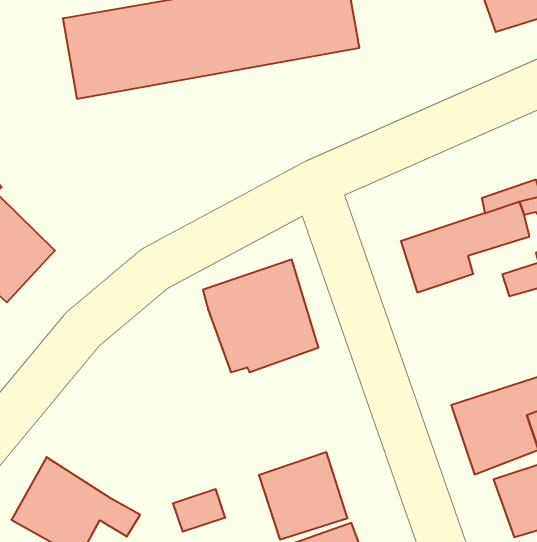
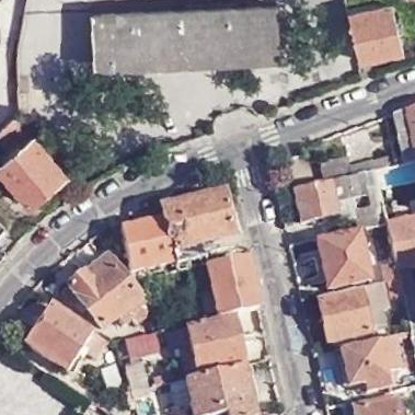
building: none -> [315,233,367,287]
building: none -> [123,219,175,272]
building: none -> [207,261,257,318]
building: none -> [69,256,146,330]

